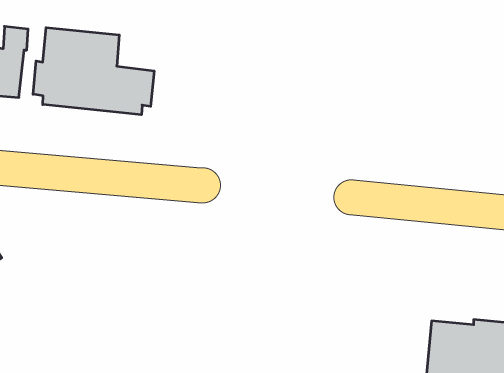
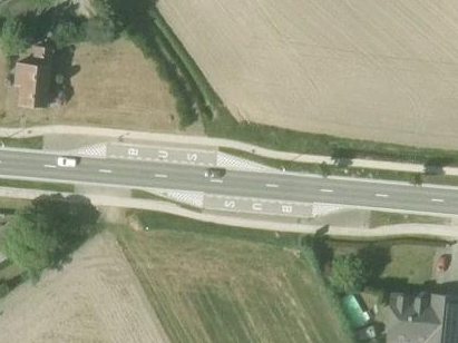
building: [33,28,154,115] -> none

